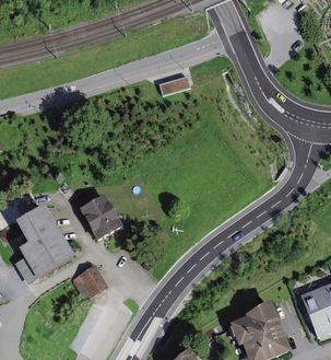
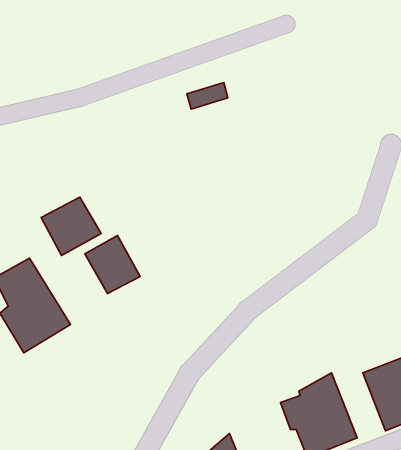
building: none -> [41,197,101,255]
building: [75,263,109,297] -> none

